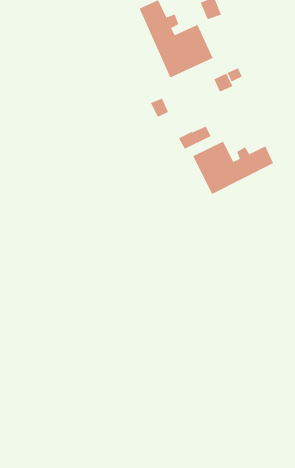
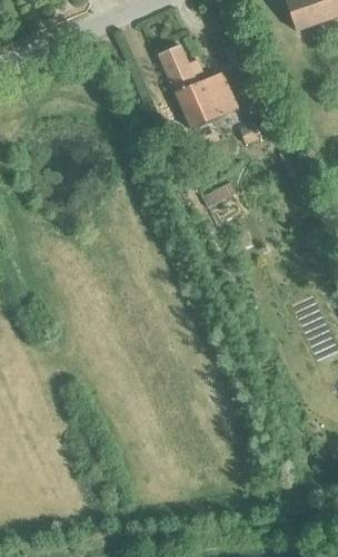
building: [193,141,274,195] -> none

